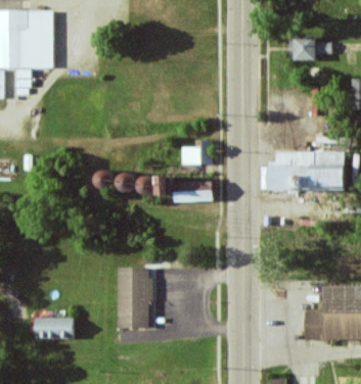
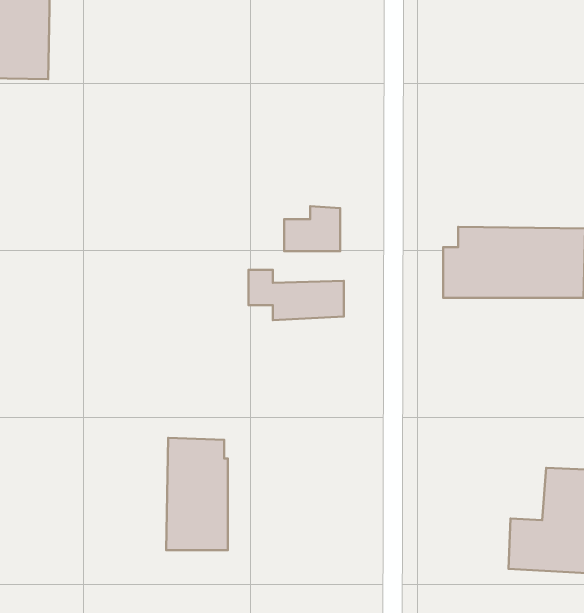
building: [288,38,331,60] -> none
building: [96,169,154,193] -> none
building: [35,317,74,338] -> none

